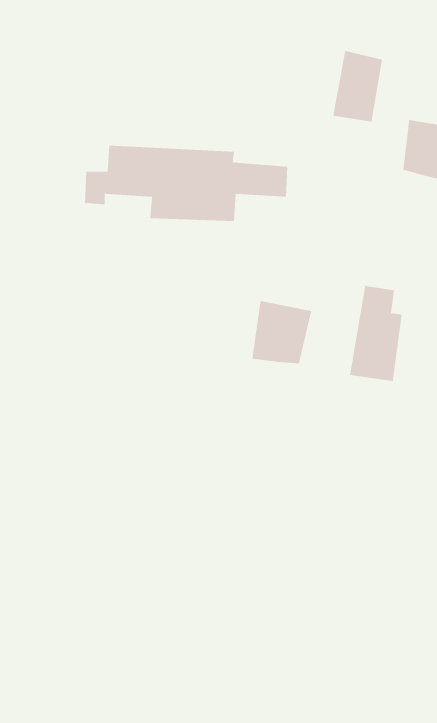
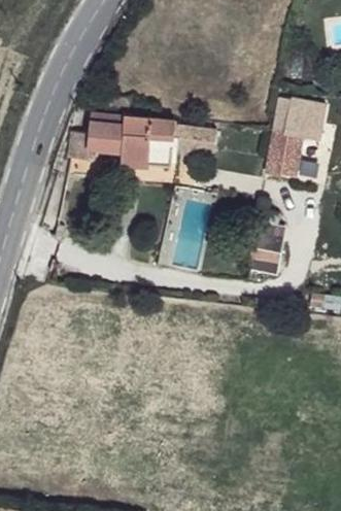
building: [332,50,383,122] -> [266,129,300,177]
building: [252,300,312,364] -> none

